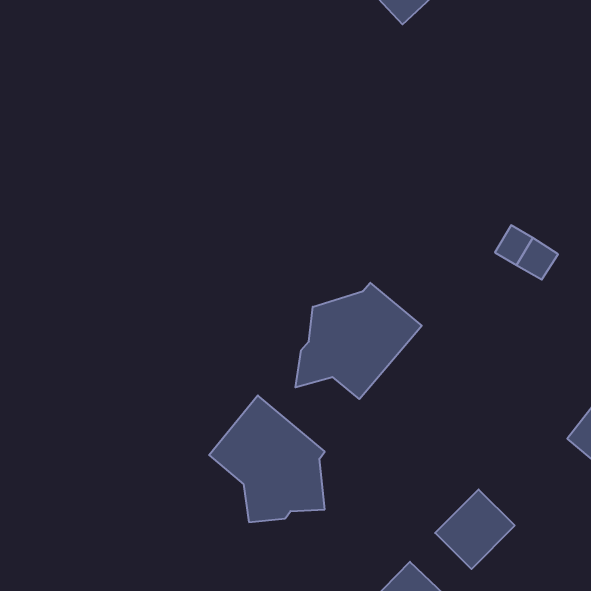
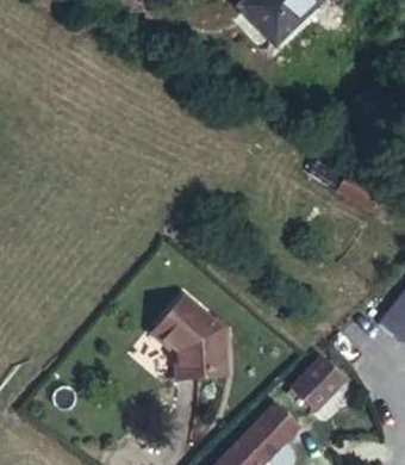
building: [295,283,422,399] -> none

